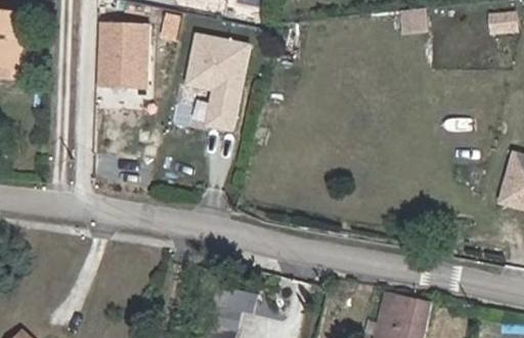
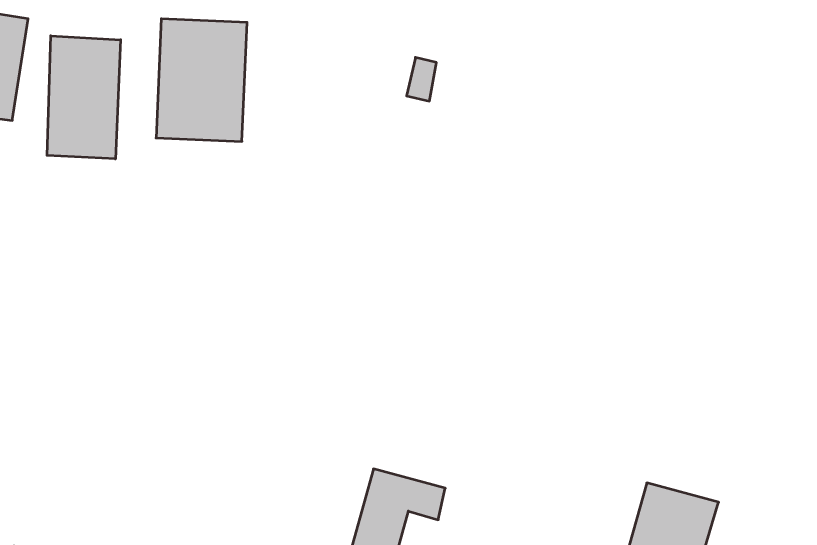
building: none -> [47,36,121,159]
building: [182,42,246,139] -> none

